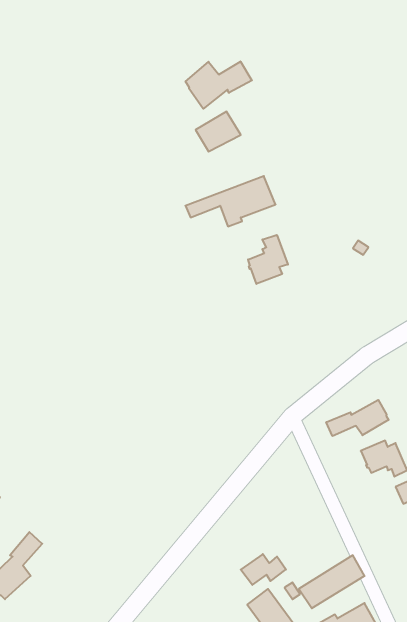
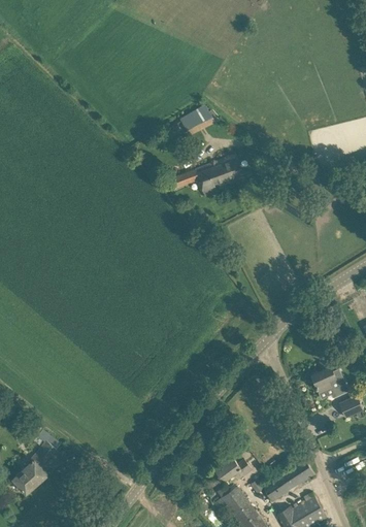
building: [186,61,252,109] -> none
building: [248,235,288,284] -> none
building: [326,400,389,436] -> none

